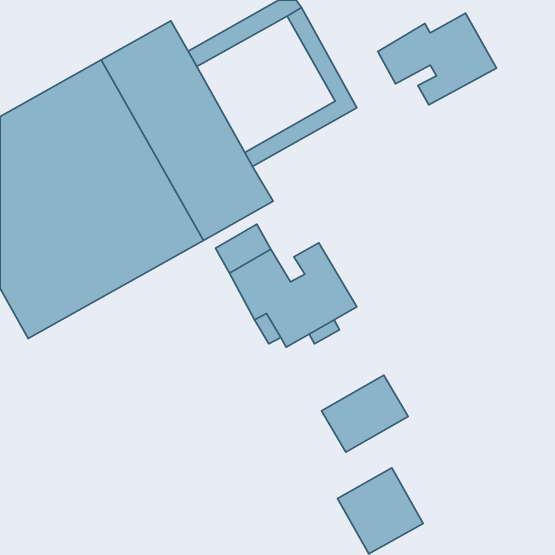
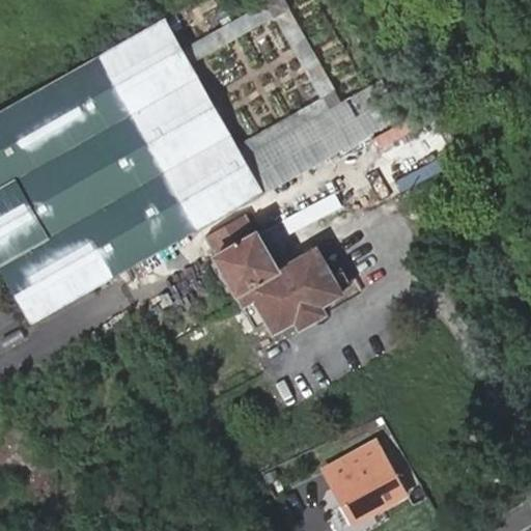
building: [378,13,496,105] -> none
building: none -> [242,79,406,193]
building: [322,375,408,452] -> none

